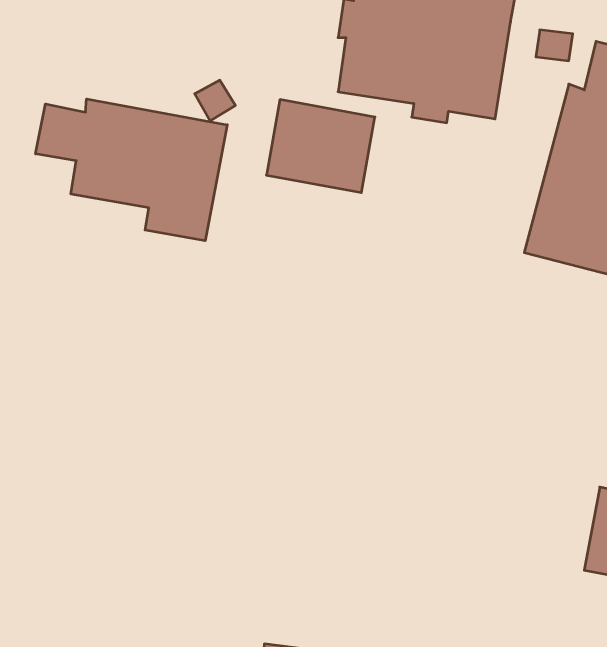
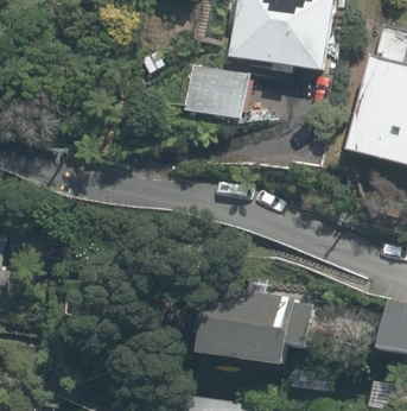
building: [36,99,227,241] -> none
building: none -> [201,277,322,367]

